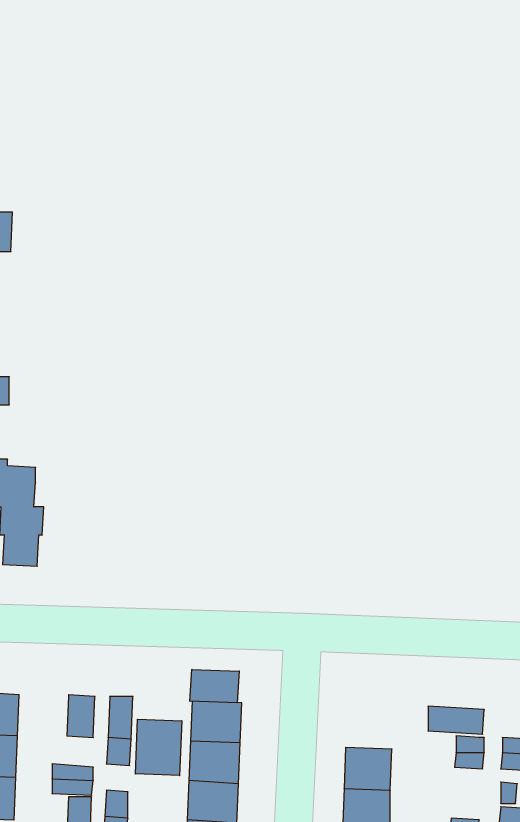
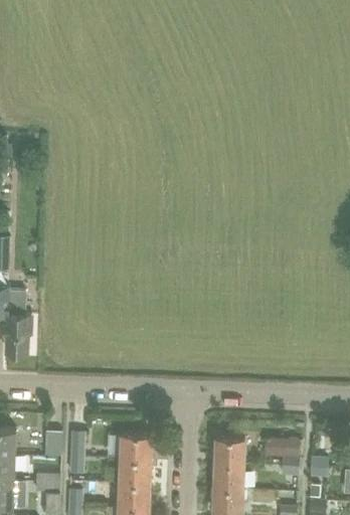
building: [190,669,239,703] -> none
building: none -> [214,439,243,465]
building: [135,719,182,776] -> none

